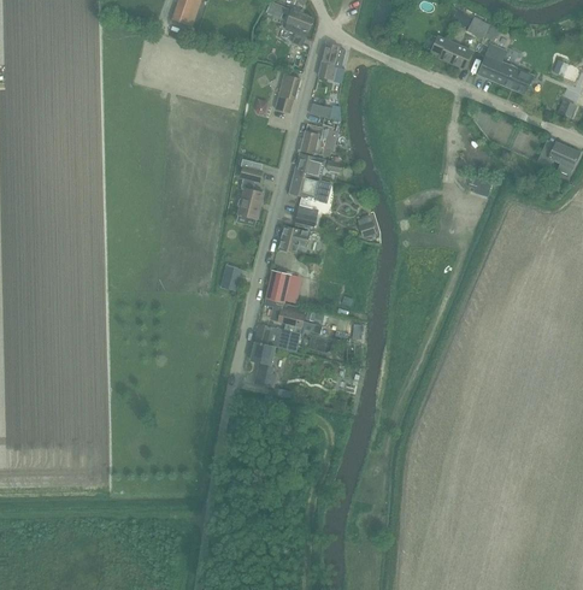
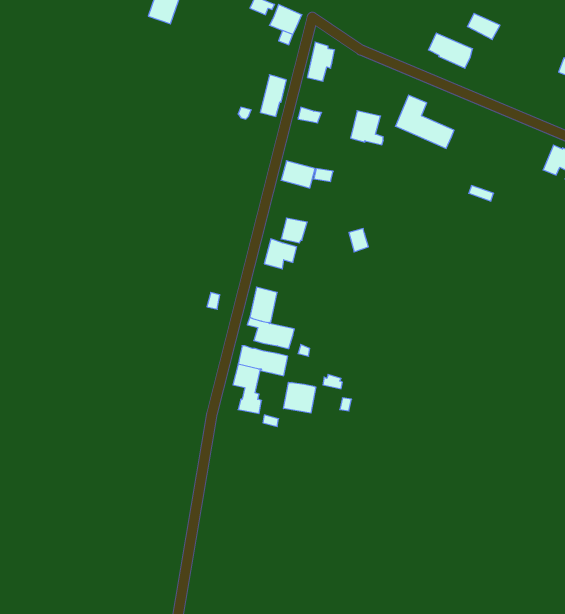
building: [478,43,532,93] -> [395,95,454,148]
building: [301,124,331,155] -> [351,111,383,145]
building: [237,166,264,218] -> none
building: [289,171,332,203] -> none
building: none -> [284,382,316,413]

